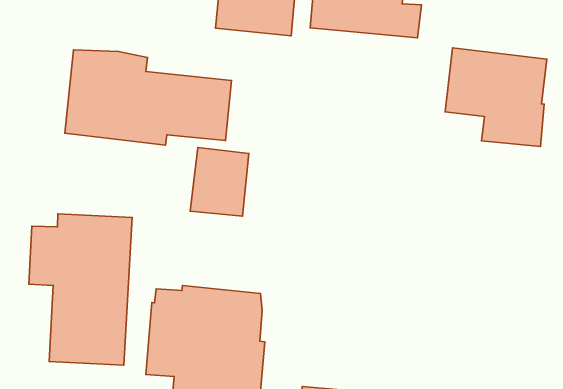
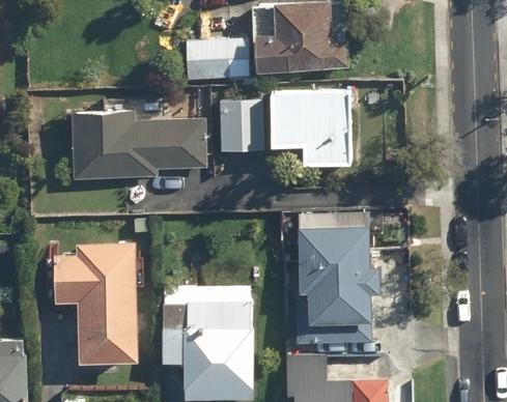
building: [445,48,547,146] -> [274,92,354,164]
building: [190,147,249,216] -> [217,103,259,154]
building: none -> [291,214,384,347]

